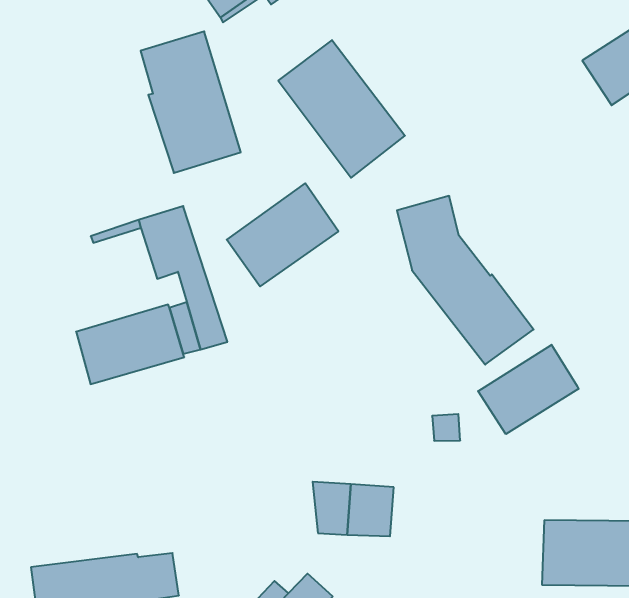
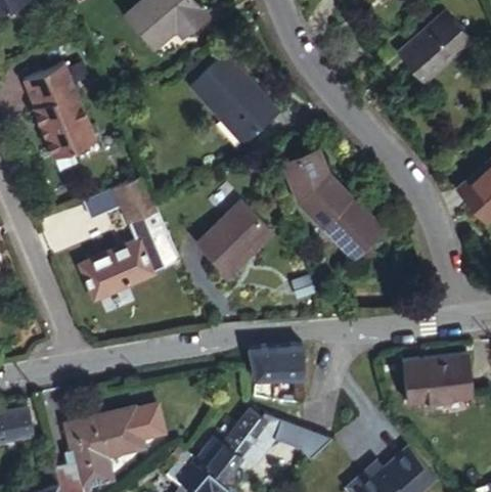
building: [141,31,241,173] -> [21,68,95,164]
building: [227,183,338,286] -> [197,197,271,269]
building: [478,345,579,434] -> none

